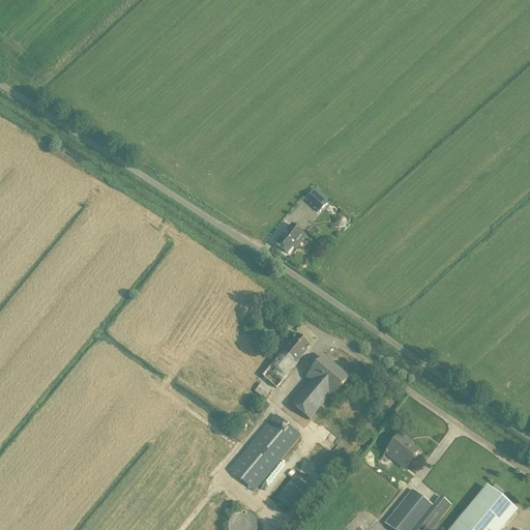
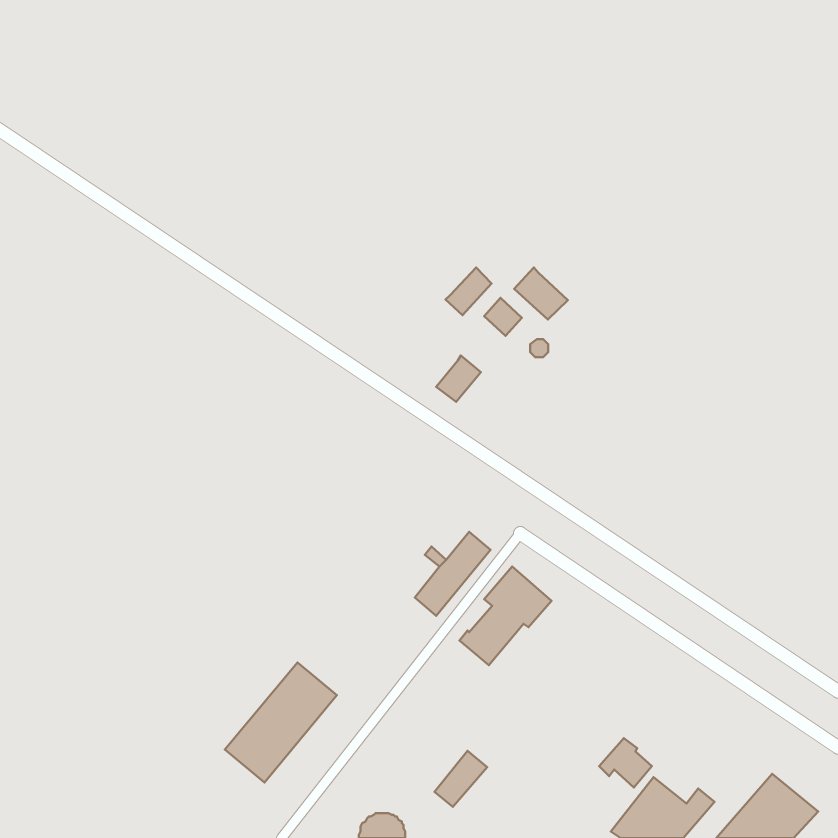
building: none -> [445,267,492,315]
building: none -> [514,267,568,320]
building: [228,414,298,490] -> [225,662,337,783]
building: [384,434,417,465] -> [599,738,652,788]

